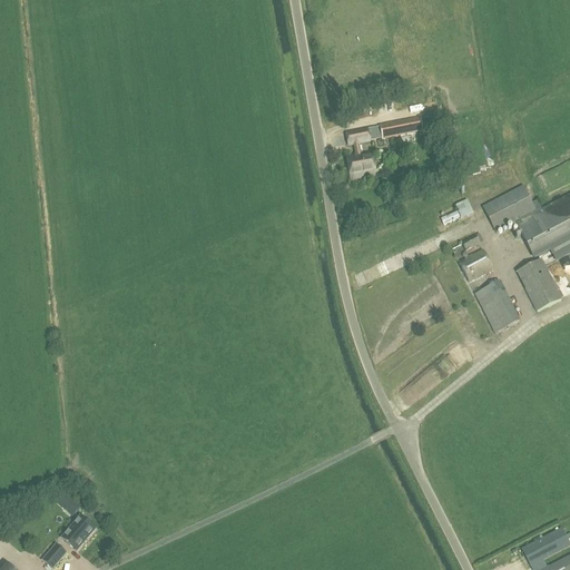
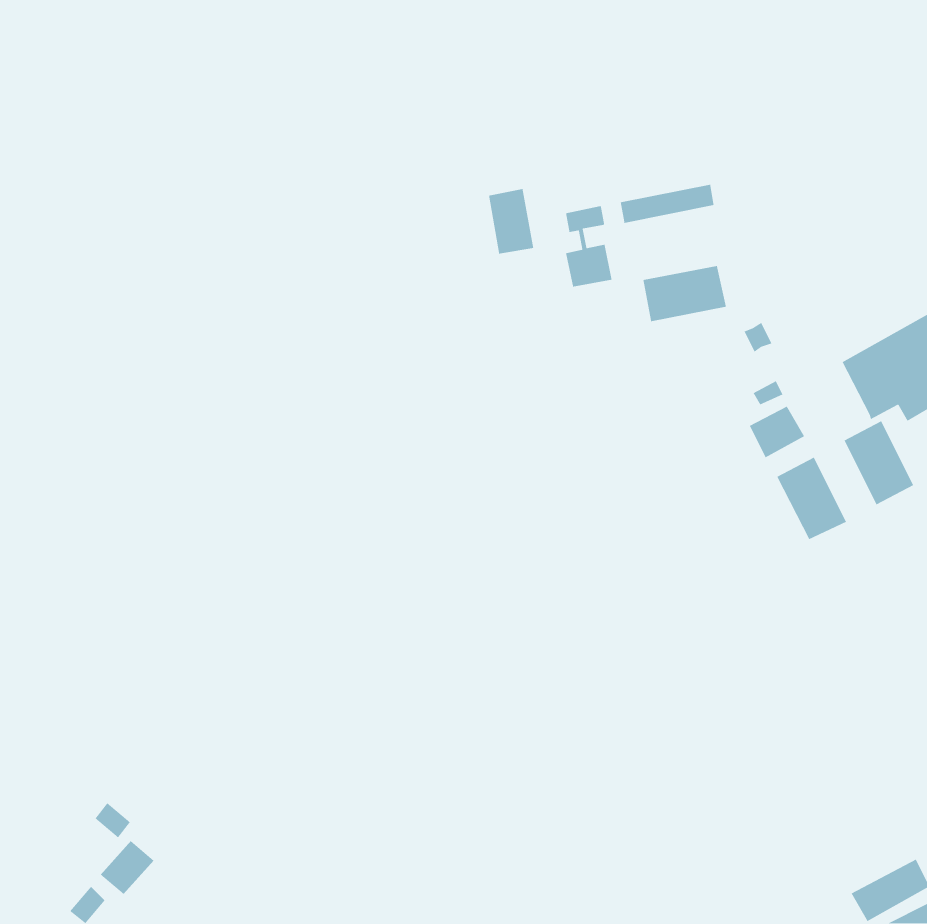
building: none -> [488,188,534,254]
building: none -> [643,265,727,322]
building: [483,183,537,229] -> none

